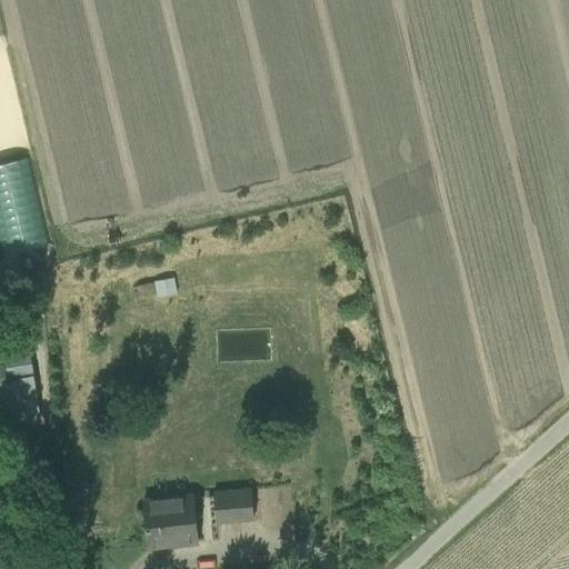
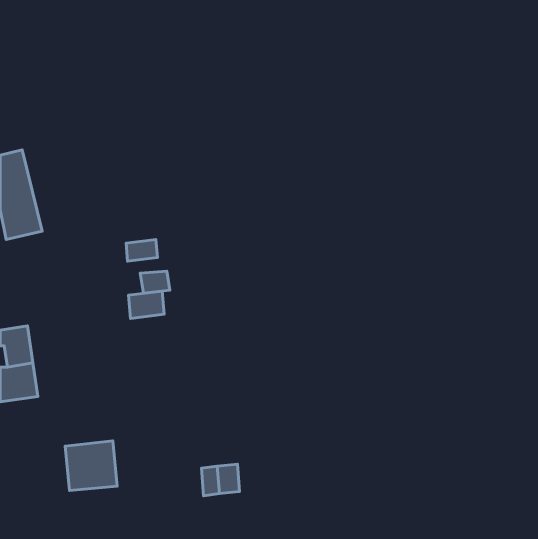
building: none -> [126,240,157,261]
building: none -> [128,291,164,318]
building: [143,496,198,548] -> [65,441,117,490]

